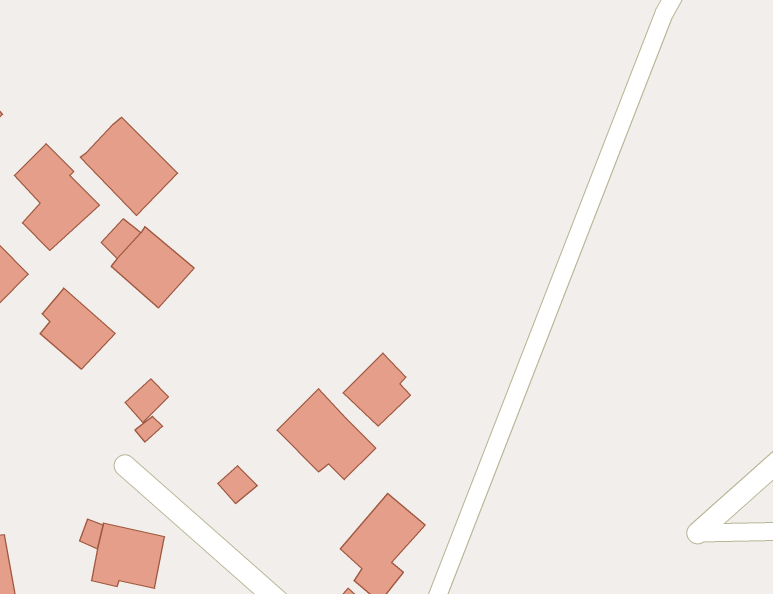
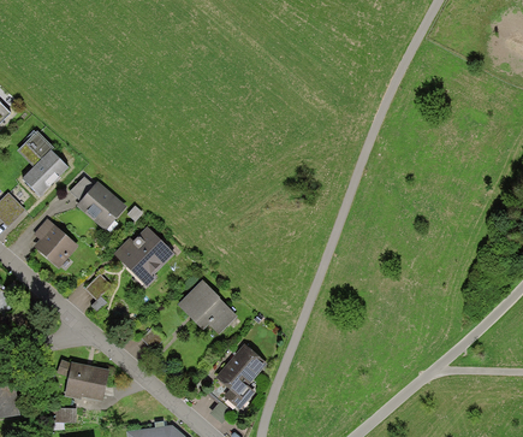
building: [80,117,178,215] -> none
building: none -> [113,226,173,287]
building: [343,353,410,426] -> none

